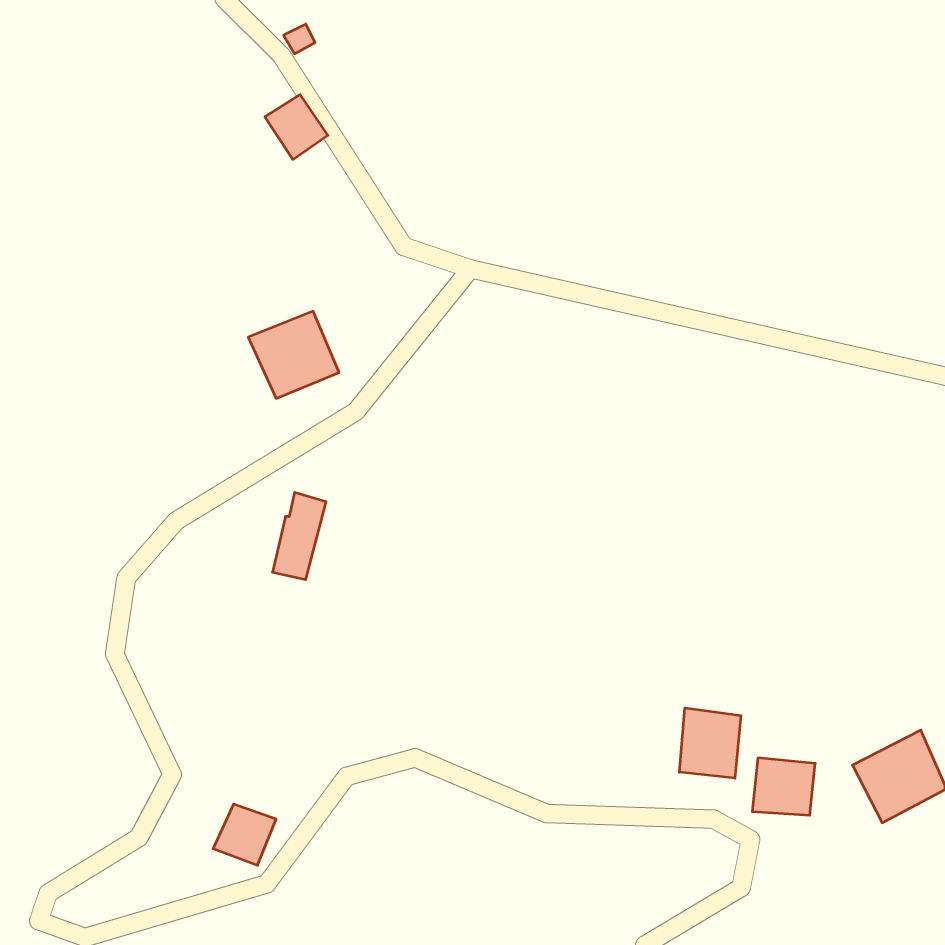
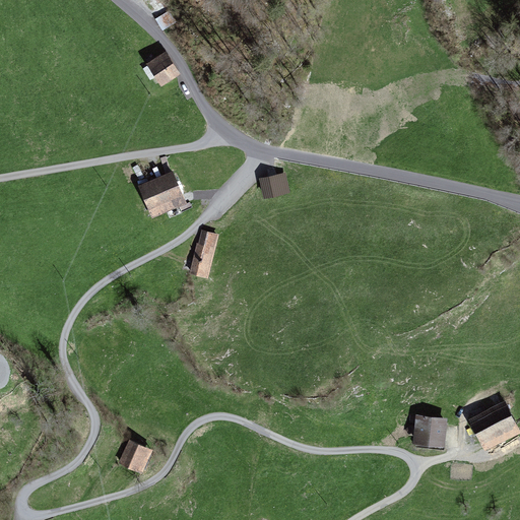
building: none -> [258,172,289,199]
building: [272,492,326,580] -> [189,230,218,277]
building: [679,708,741,778] -> none

